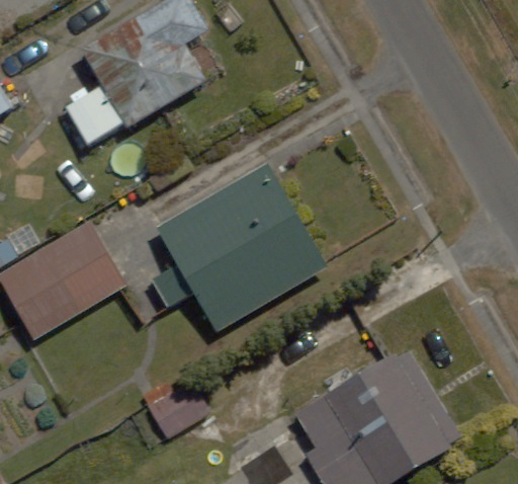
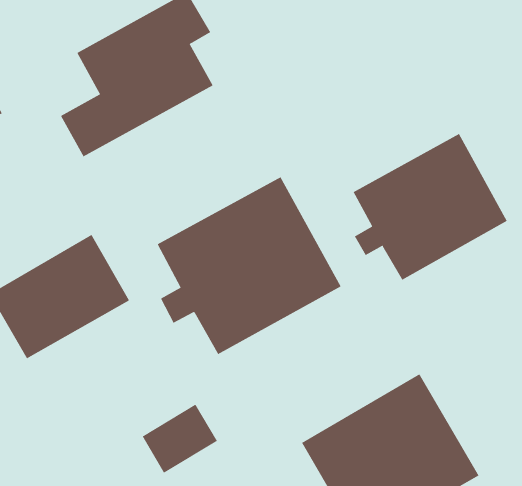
building: none -> [353,133,508,280]

